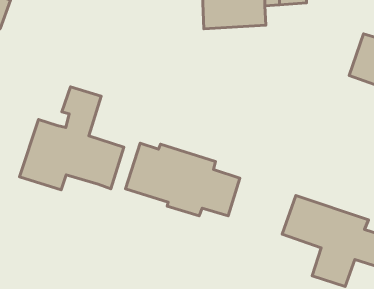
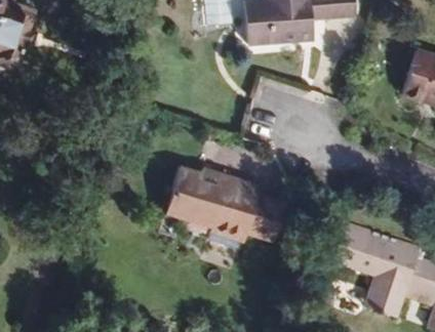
building: [19,87,124,190] -> none

